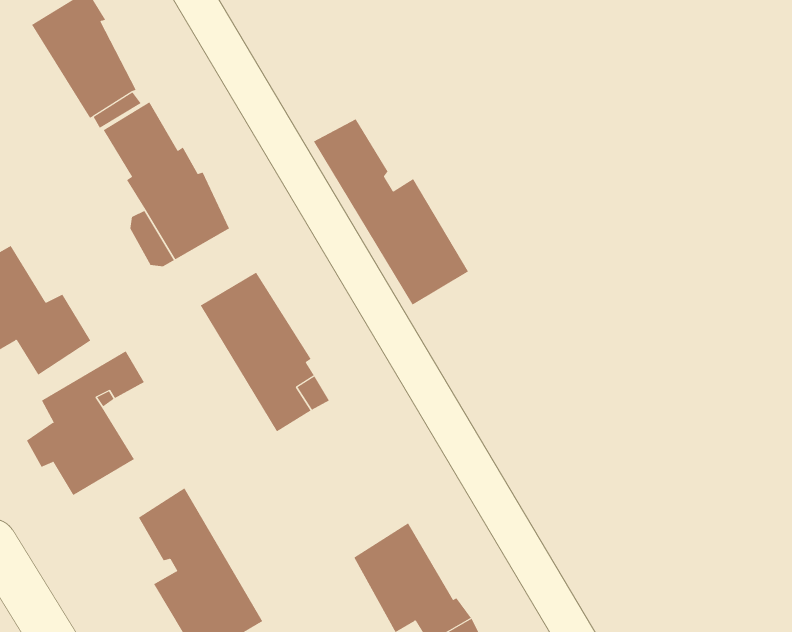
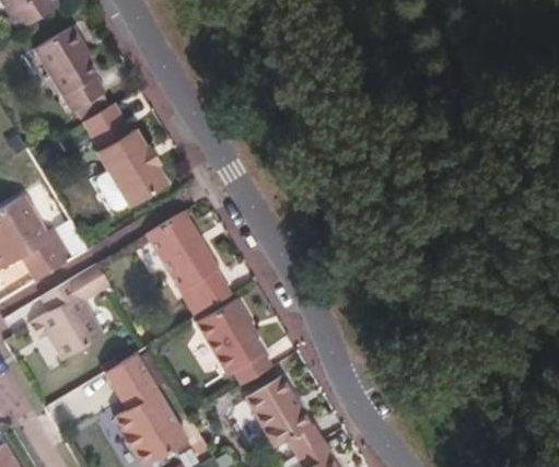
building: [313,118,469,306] -> none
building: none -> [196,300,271,384]

